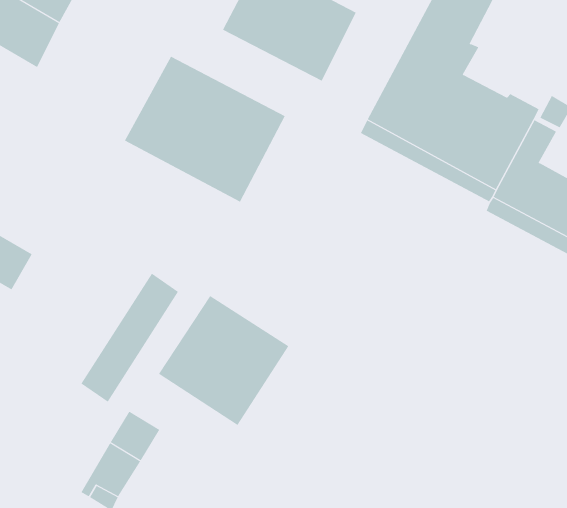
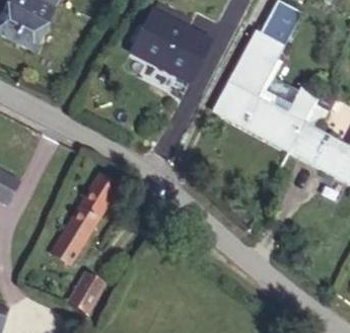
building: [124,56,286,203] -> none
building: [158,295,289,426] -> none

